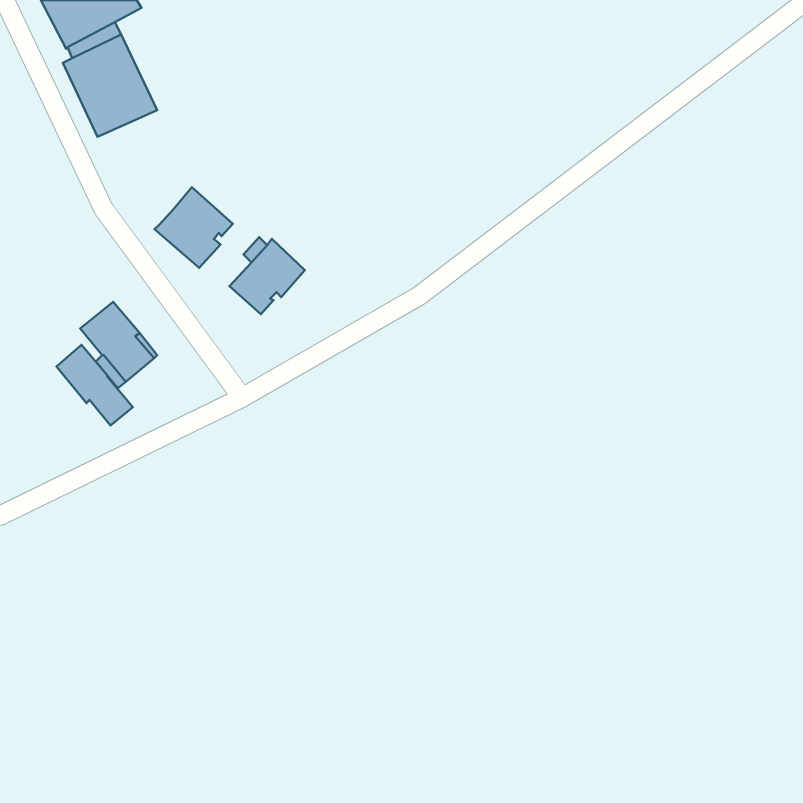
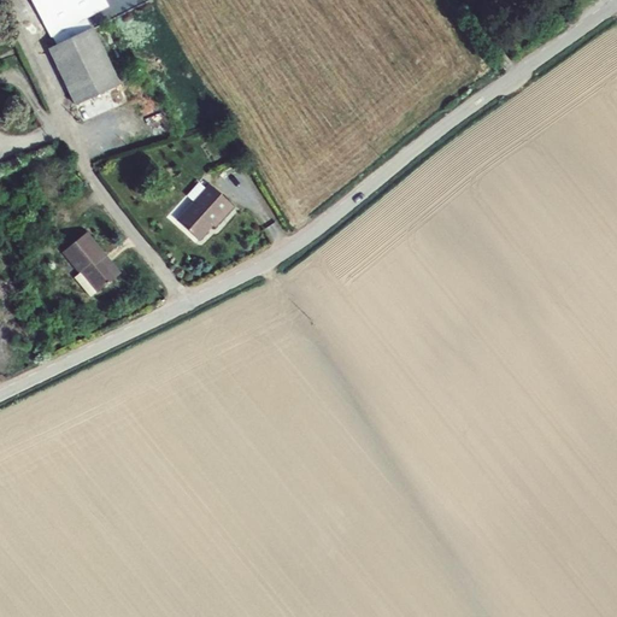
building: [154,187,233,268] -> none
building: [56,345,133,425] -> none

